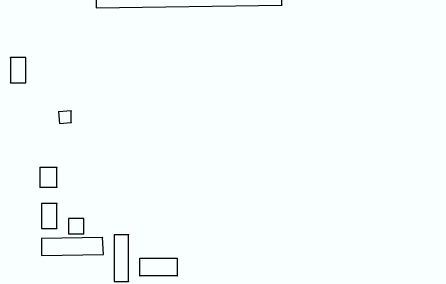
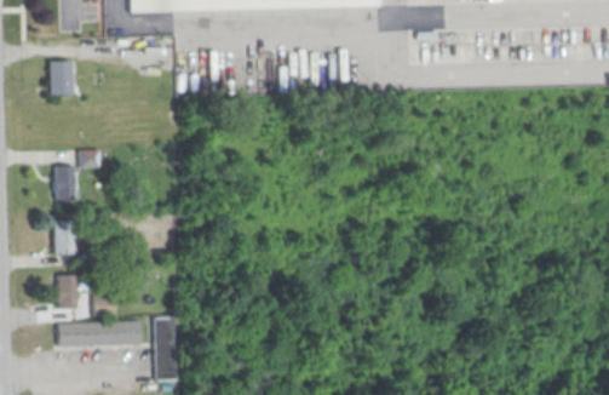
building: [10,58,26,83] -> [51,61,71,95]
building: none -> [54,165,75,200]
building: [140,258,177,276] -> none

